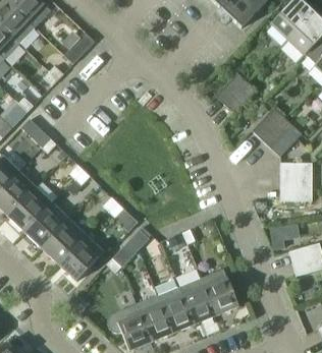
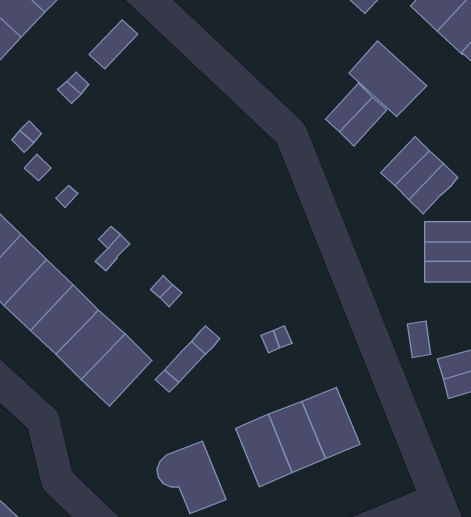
building: none -> [349,41,427,117]
building: [137,295,173,341] -> none

